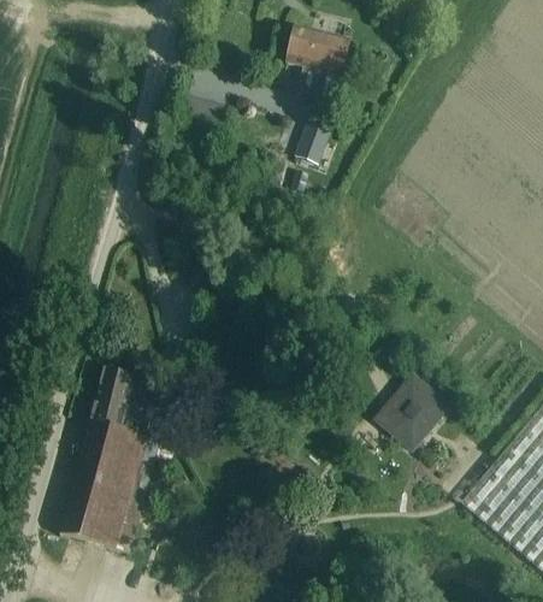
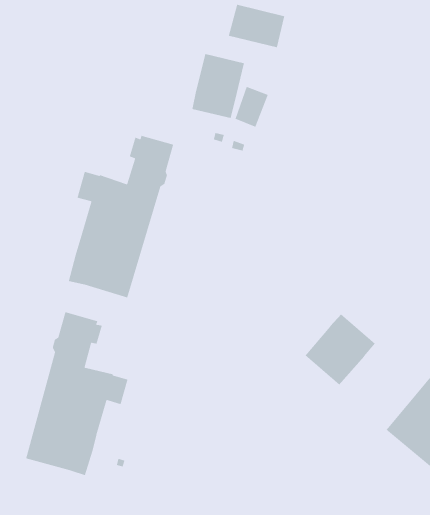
building: none -> [191,53,245,119]
building: none -> [68,135,174,298]

